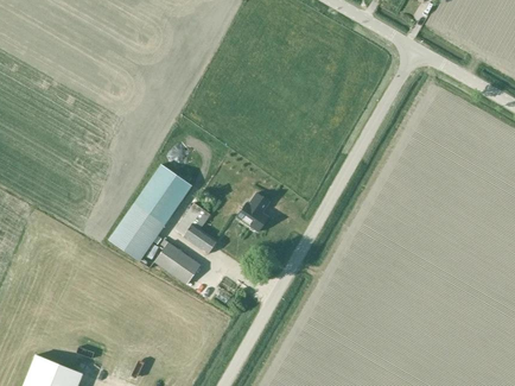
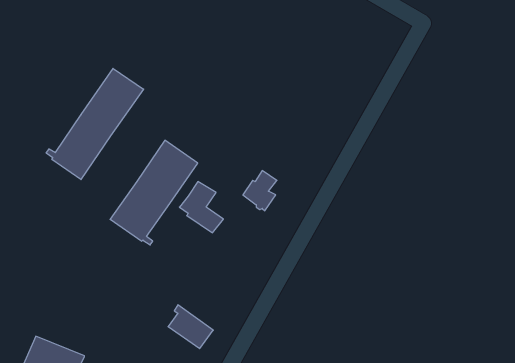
building: none -> [46,68,144,180]
building: [155,241,199,284] -> [168,305,213,349]

